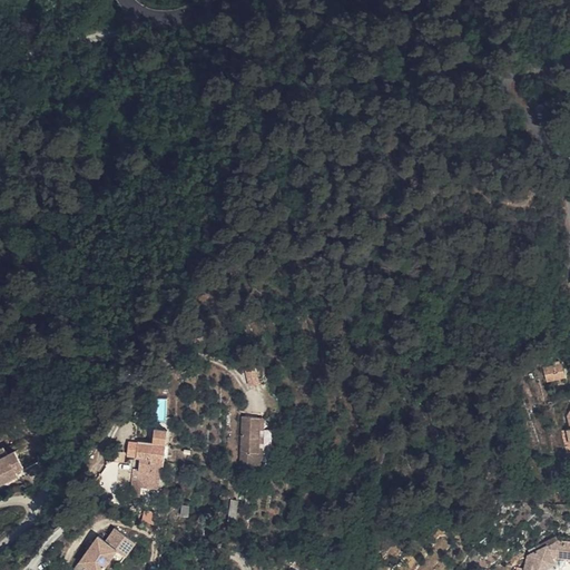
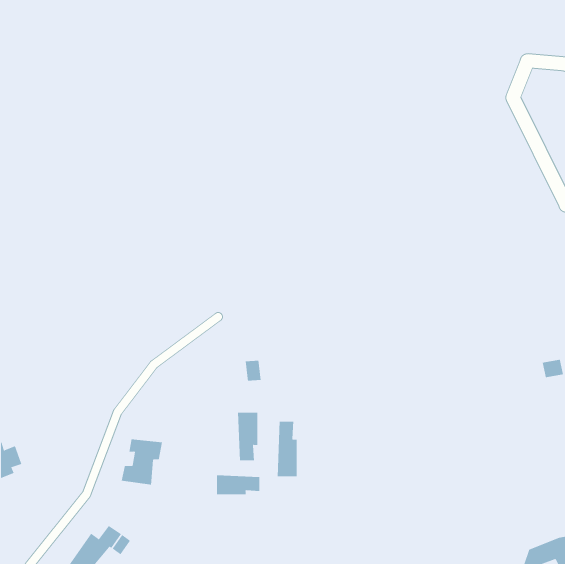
building: none -> [277,421,297,477]
building: none -> [216,474,260,495]

